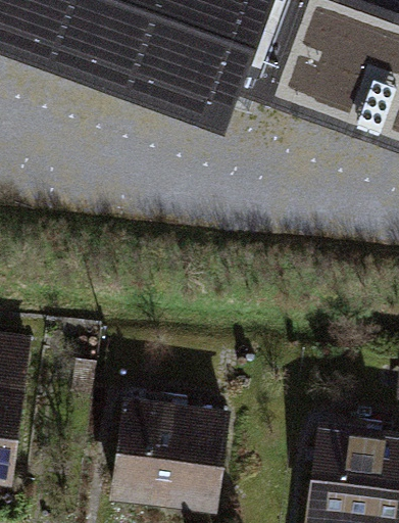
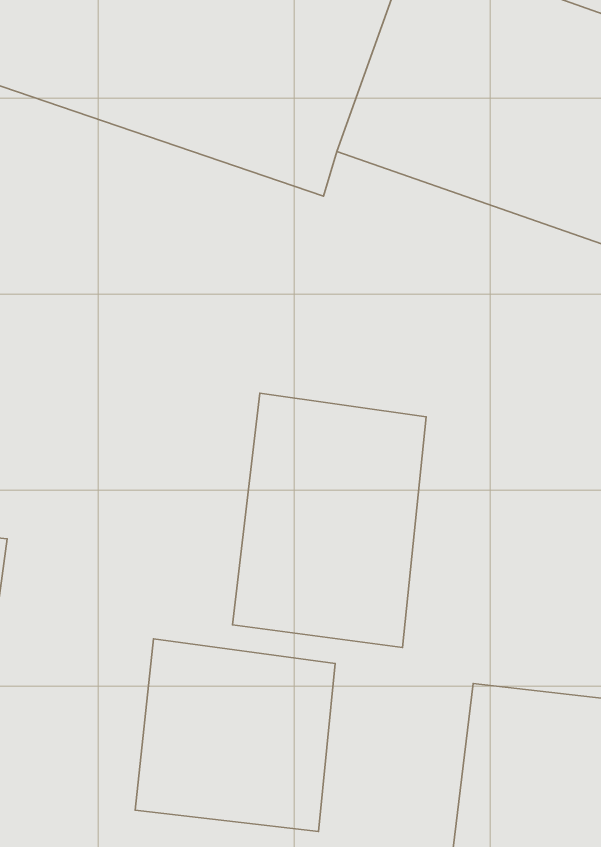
building: none -> [232,393,426,647]

